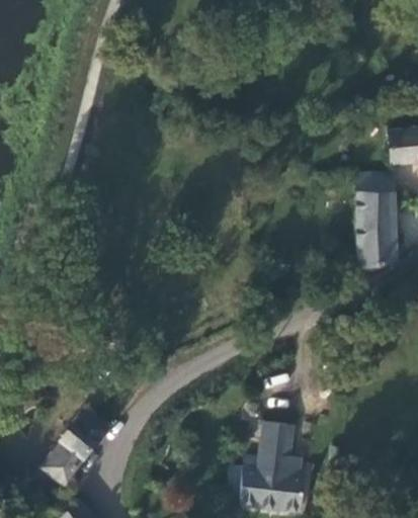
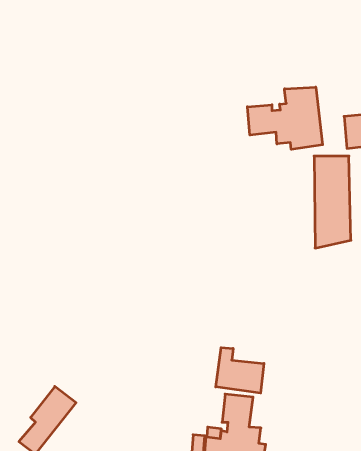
building: none -> [247,87,323,149]
building: none -> [216,348,264,393]

